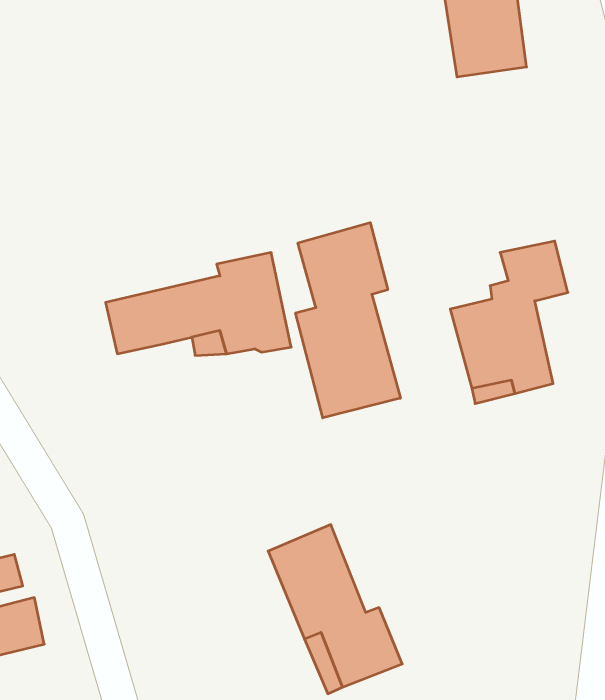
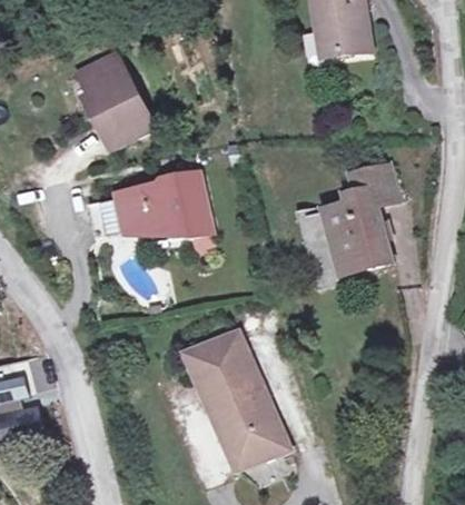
building: none -> [76,52,152,148]
building: [296,223,400,418] -> none
building: none -> [188,330,270,412]

